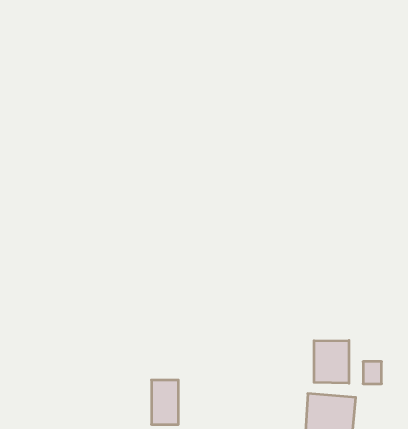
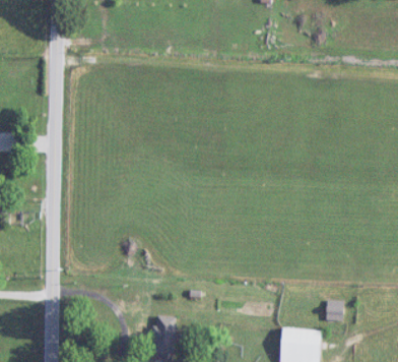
building: [314,340,349,383] -> none

